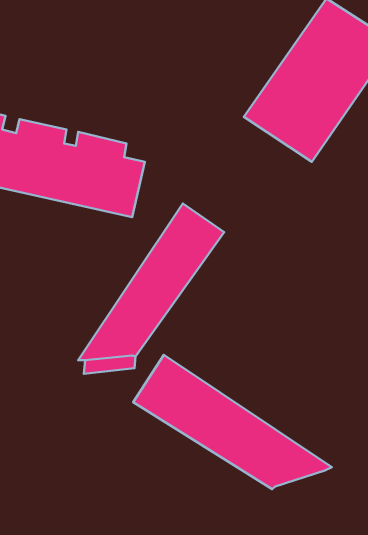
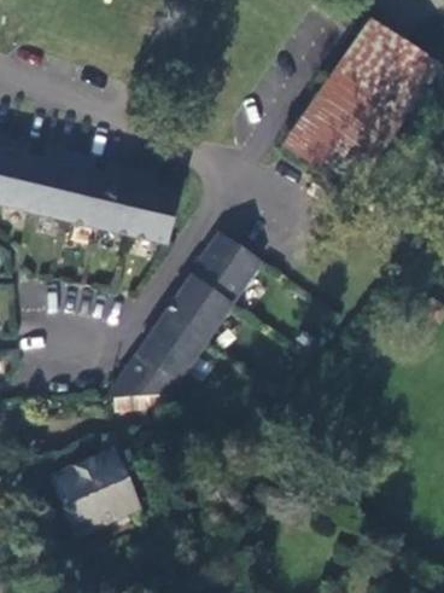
building: [133,355,332,489] -> none
building: none -> [49,454,136,539]

